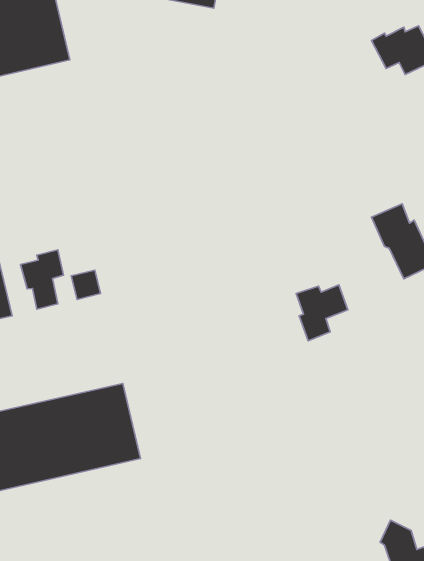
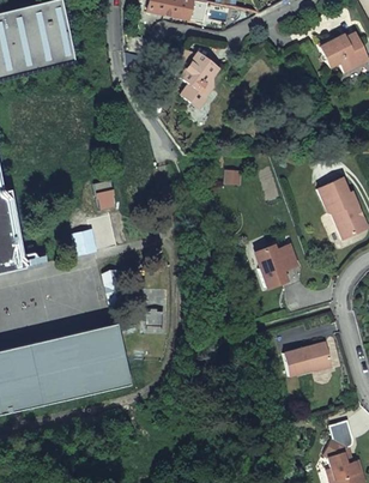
building: none -> [180,53,219,107]
building: [21,250,63,309] -> none
building: none -> [284,342,333,375]

